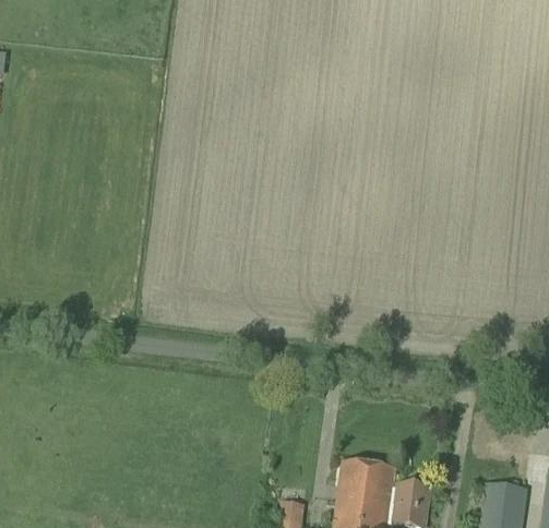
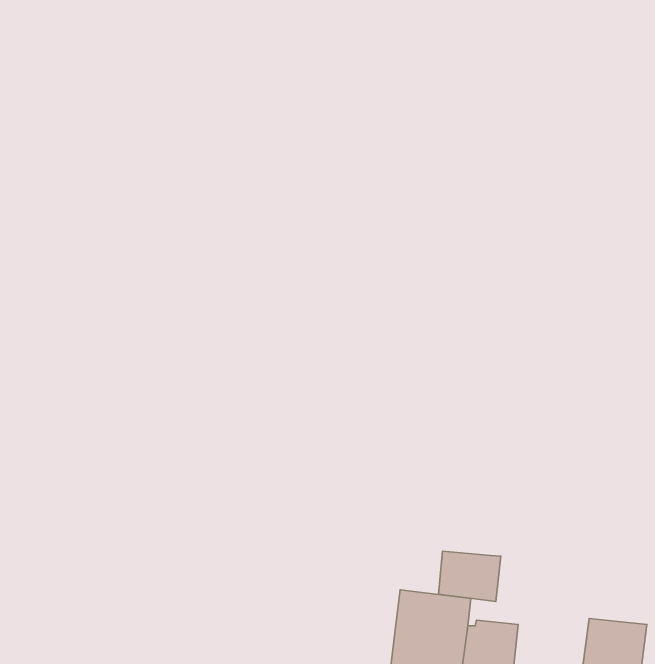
building: none -> [438,551,501,602]

